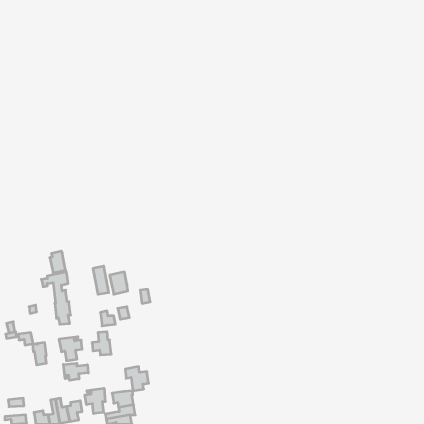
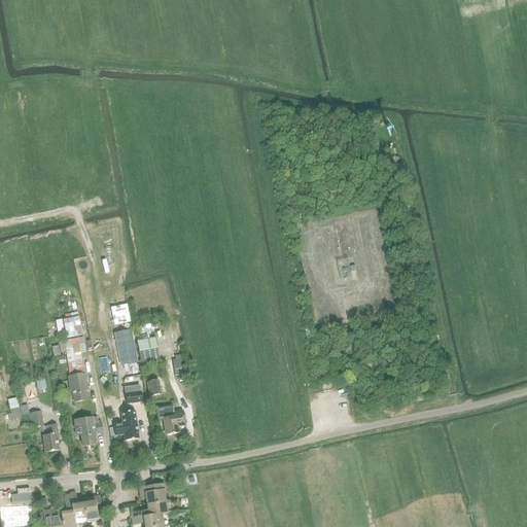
building: [63,363,88,380] -> none
building: [125,367,149,391] -> [156,405,185,434]
building: [85,388,105,414] -> none

